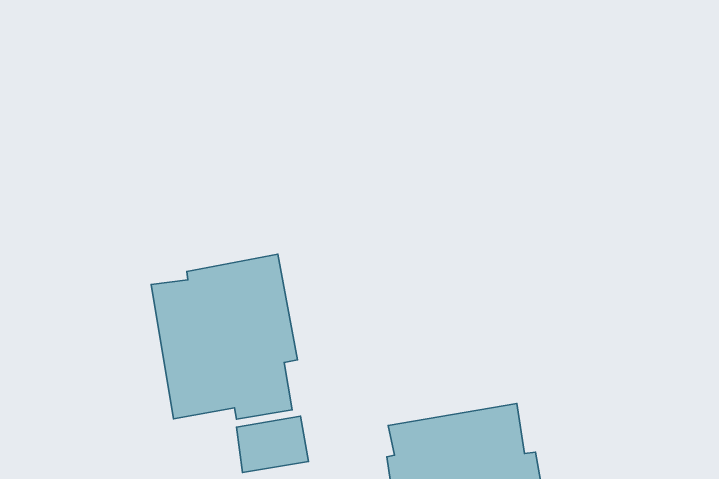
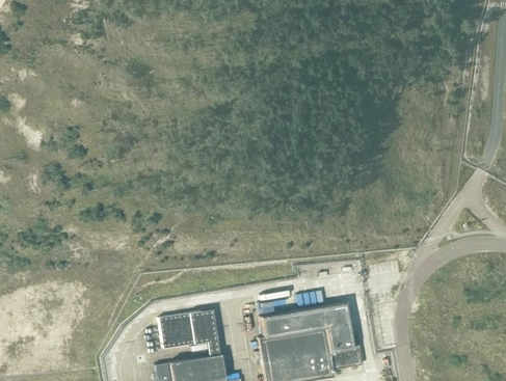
building: [151,254,297,419] -> none

